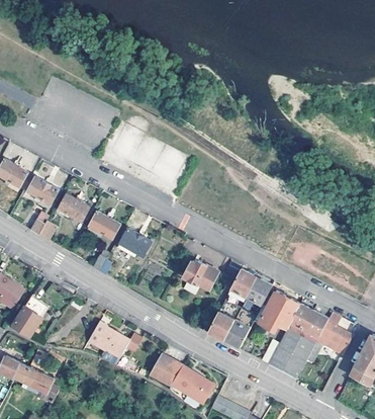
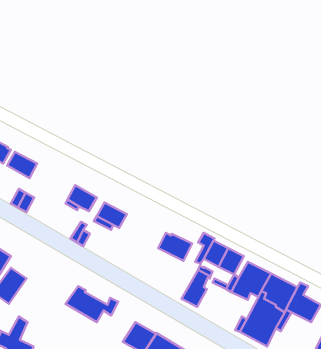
building: [57,194,88,222] -> none
building: [223,320,250,347] -> none

